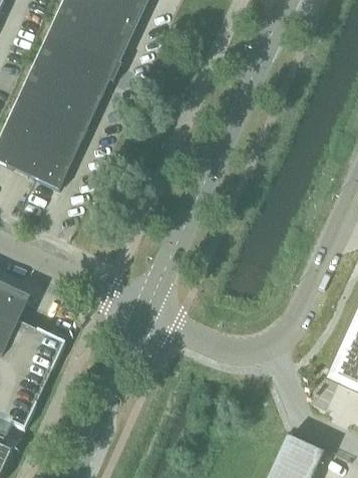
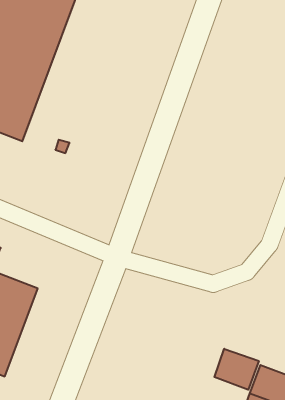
building: none -> [214,349,259,390]

